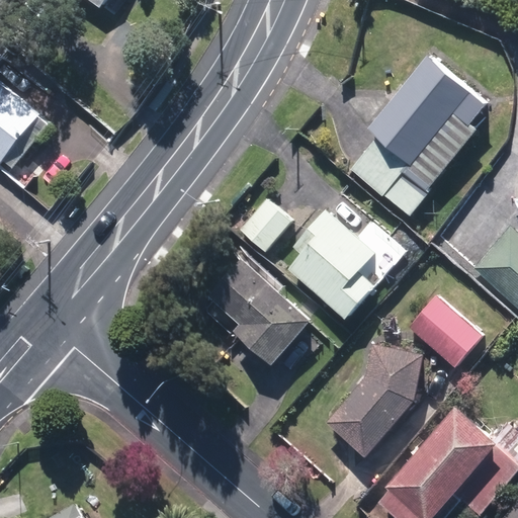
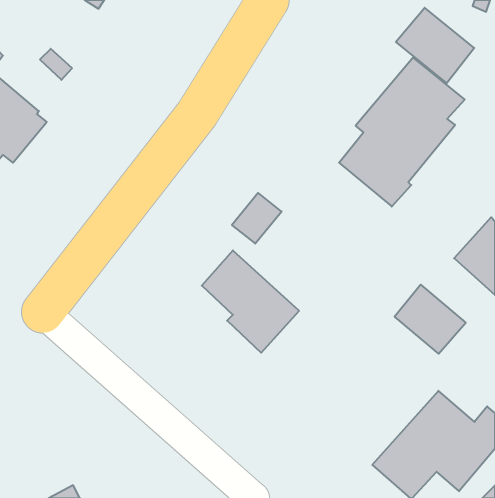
building: none -> [396,8,474,83]
building: [288,211,375,320] -> none
building: [326,345,421,452] -> none

